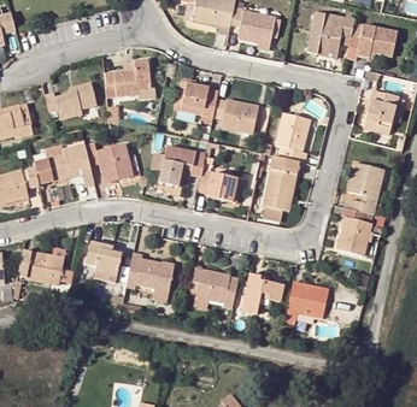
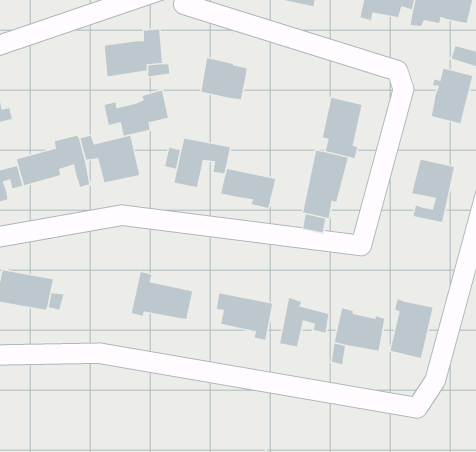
building: [43,82,95,119] -> [104,89,169,136]
building: [212,98,258,132] -> none
building: [336,206,371,254] -> [390,298,434,359]
building: [84,241,122,282] -> none

